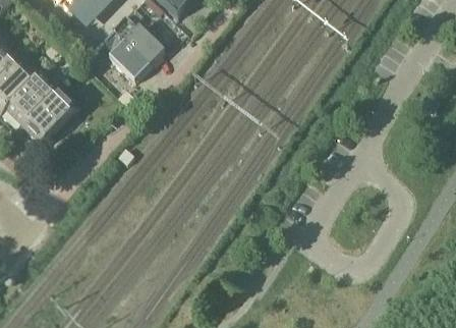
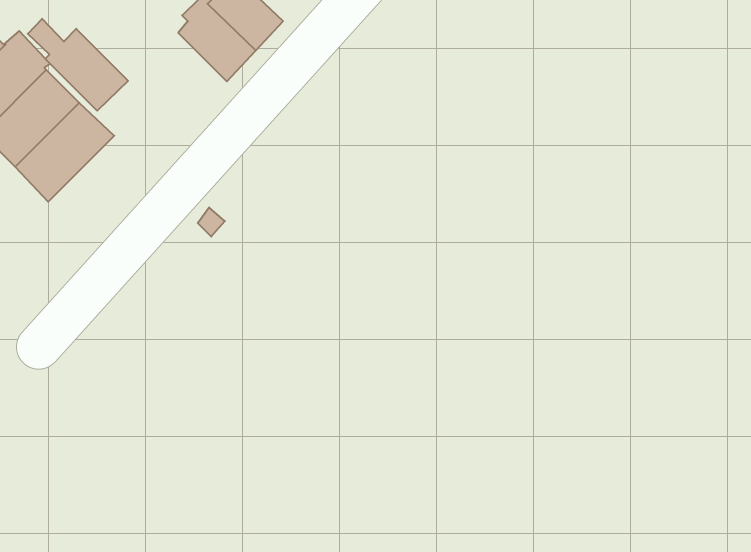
building: none -> [28,19,128,111]

